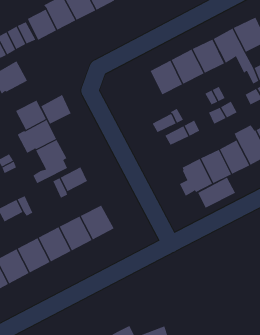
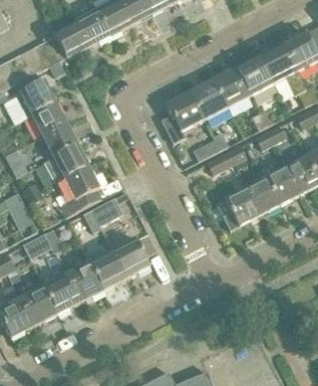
building: none -> [162,90,204,142]
building: [41,94,72,124] -> [32,102,66,135]
building: [197,177,236,208] -> none

